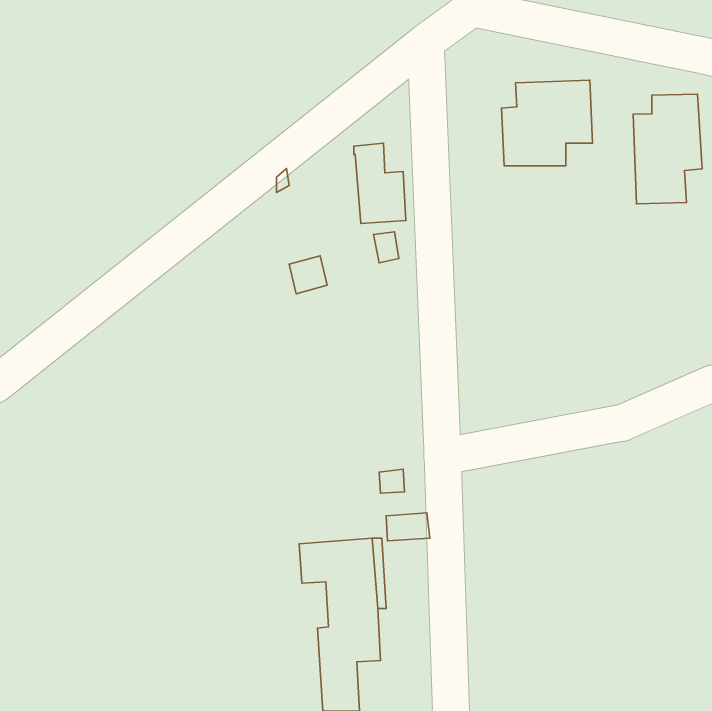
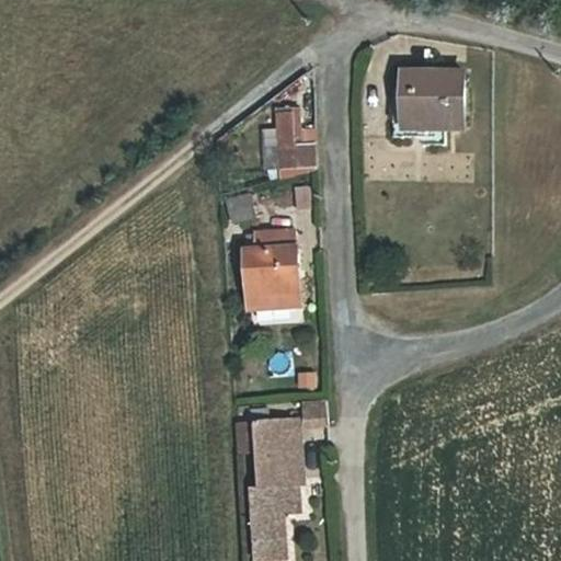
building: [633,94,702,204] -> none
building: none -> [245,239,298,316]

